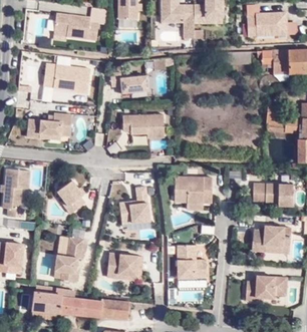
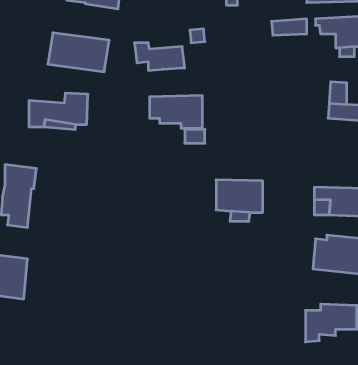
building: [58,176,87,213] -> none
building: [121,184,151,223] -> none
building: [55,235,87,281] -> none
building: [177,248,209,282] -> none
building: [107,255,144,282] -> none
building: [33,288,130,320] -> none

